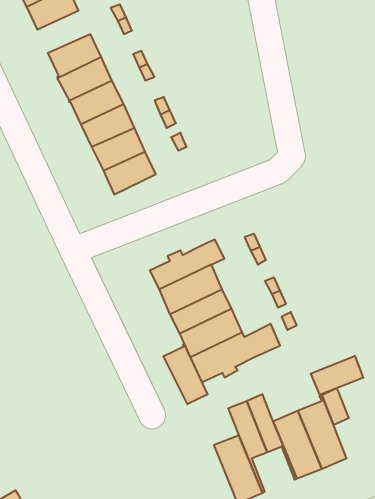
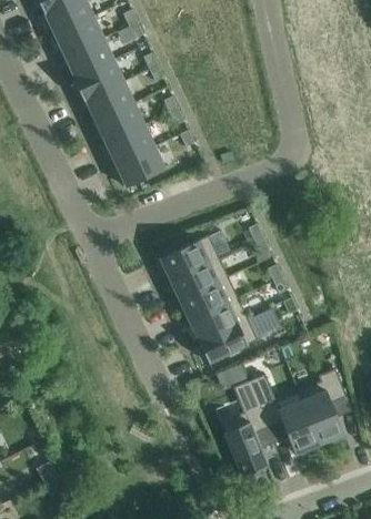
building: none -> [53,16,103,55]
building: [163,344,207,404] -> none
building: [311,356,363,395] -> none

